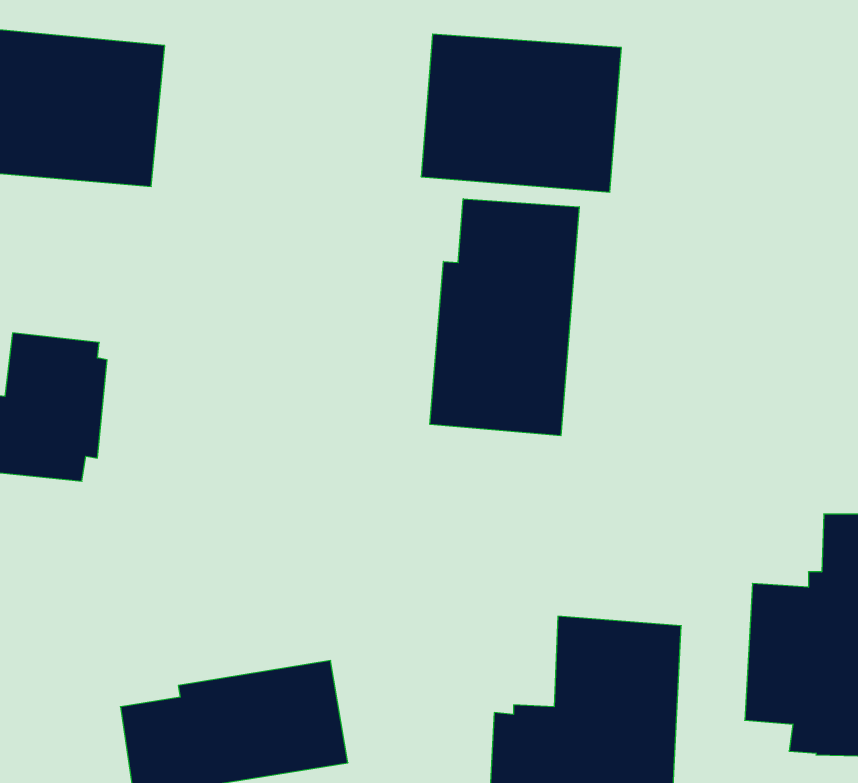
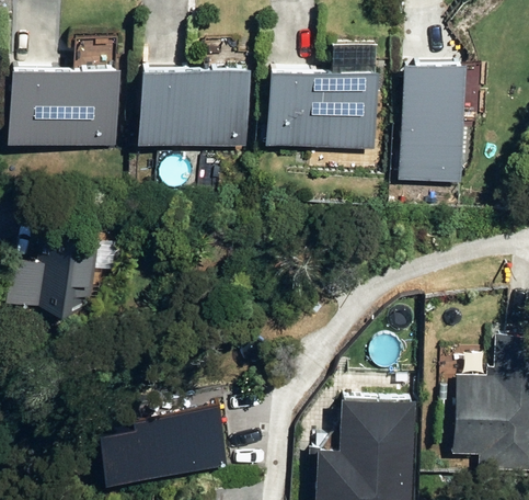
building: none -> [399,59,467,182]
building: none -> [140,60,249,150]
building: [430,199,579,436] -> none

